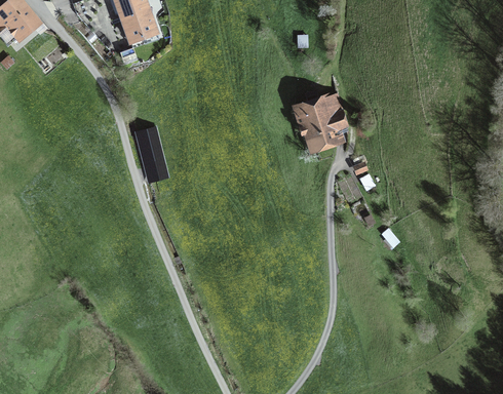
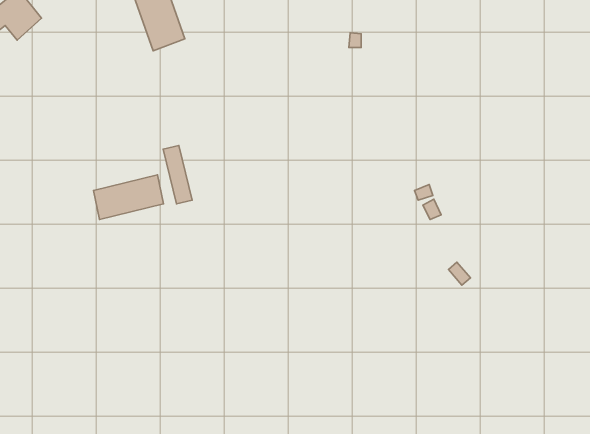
building: [295,93,346,145] -> none
building: none -> [93,175,164,219]

